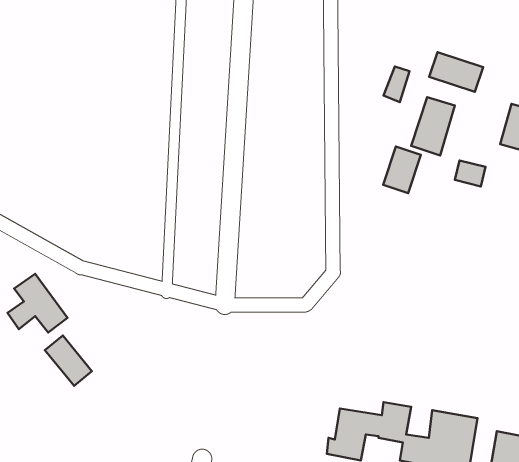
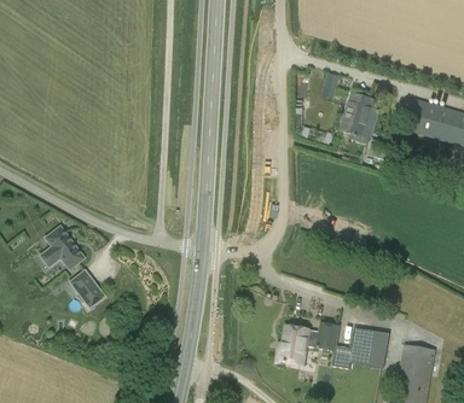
building: [429,52,483,92] -> none
building: [383,146,421,193] -> none

